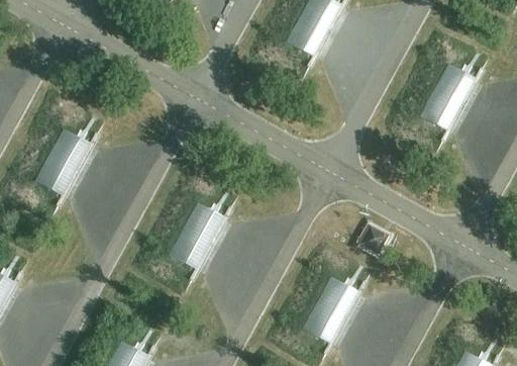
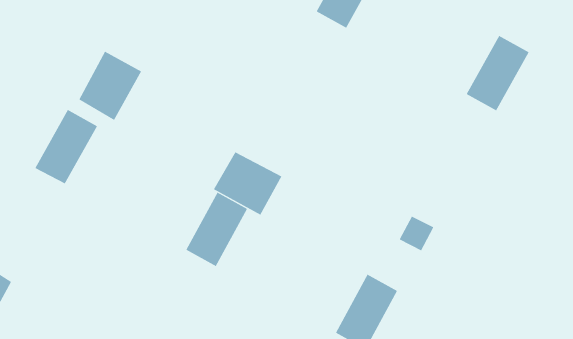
building: none -> [78,51,142,121]
building: none -> [213,151,282,216]

